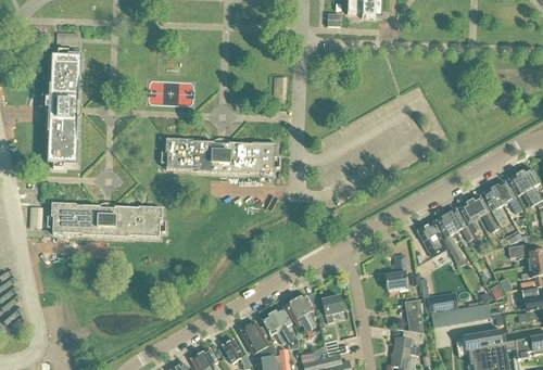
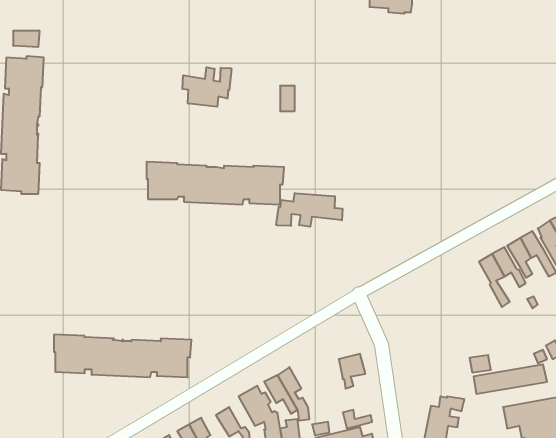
building: none -> [183,67,231,107]
building: none -> [276,193,342,227]
building: [51,203,163,238] -> [54,335,192,377]
building: [417,221,442,256] -> none
building: [384,254,407,290] -> none
building: [285,294,315,335] -> none
building: [404,299,424,332] -> none

